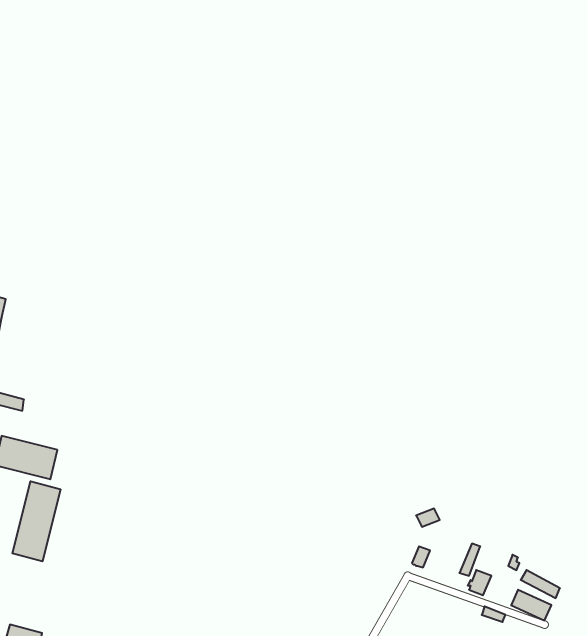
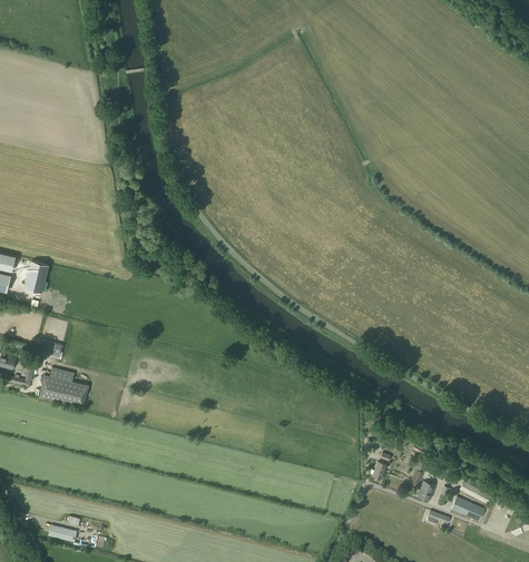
building: [12,481,60,561] -> none

